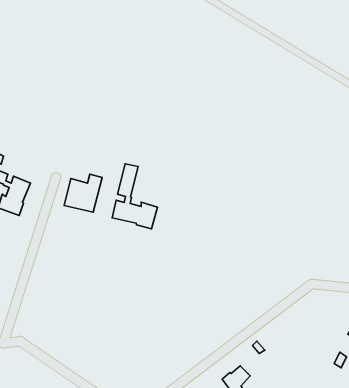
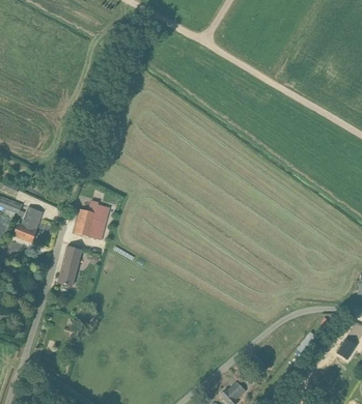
building: [112,164,158,229] -> none
building: none -> [58,246,81,286]

